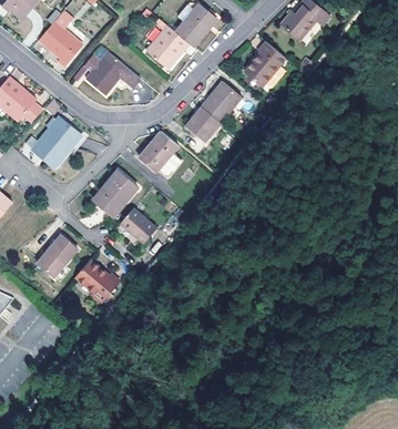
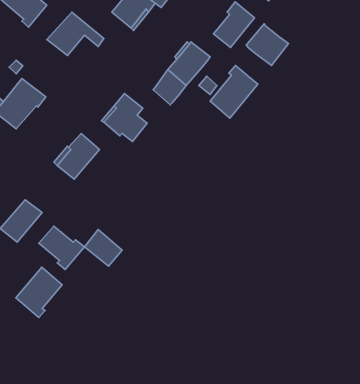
building: none -> [246,24,289,66]
building: none -> [210,65,258,118]
building: [120,207,156,243] -> [85,230,122,266]
building: none -> [16,267,62,318]

